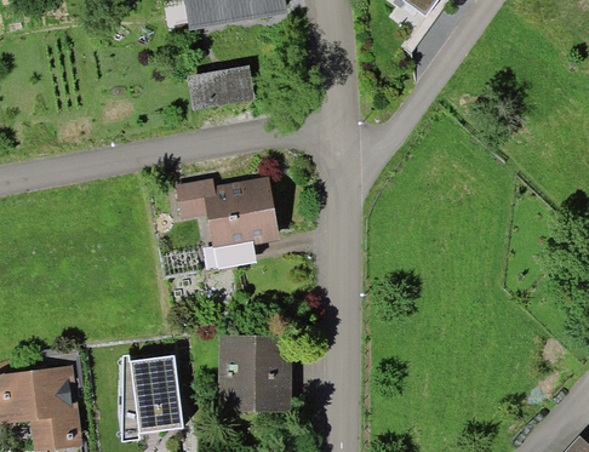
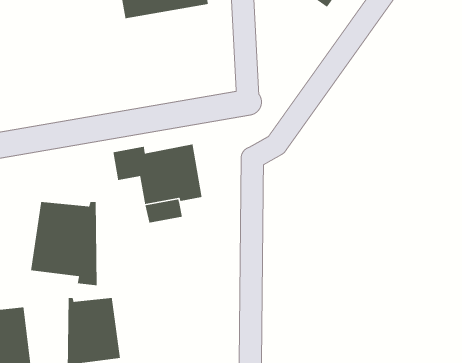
building: [185,64,256,110] -> none
building: none -> [30,201,98,286]
building: [218,334,292,412] -> none

